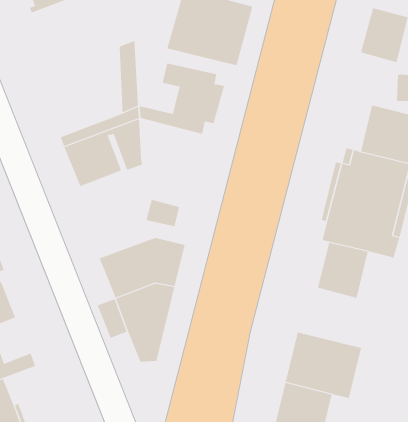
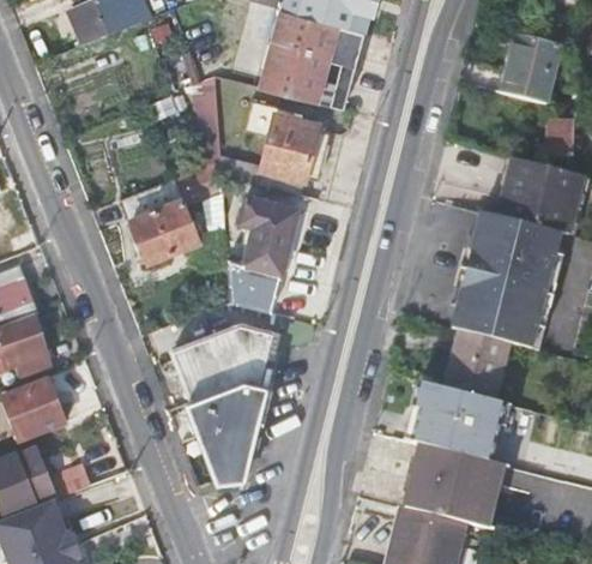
building: none -> [238,194,300,271]
building: none -> [428,388,508,457]

